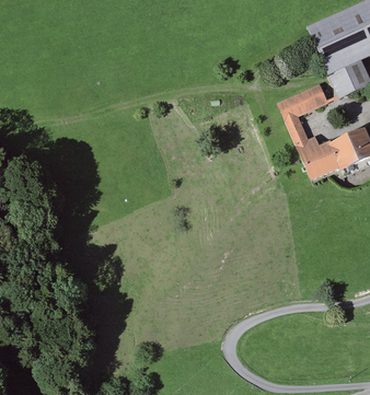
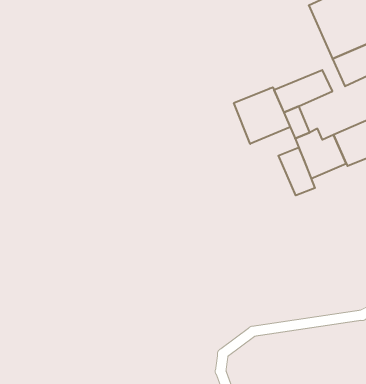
building: none -> [234,87,290,144]
building: none -> [278,148,315,195]

